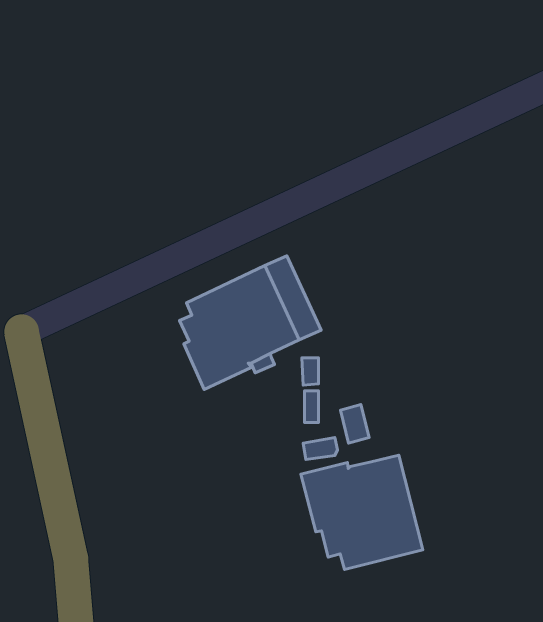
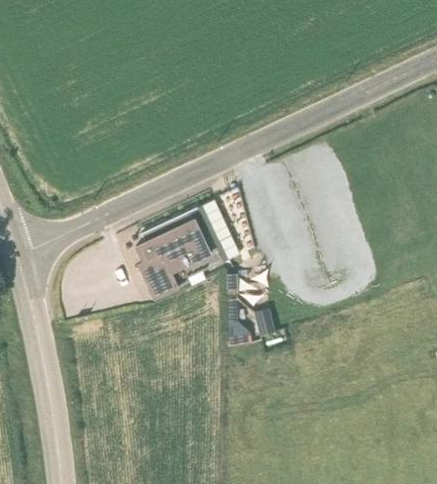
building: [301,455,423,569] -> none

